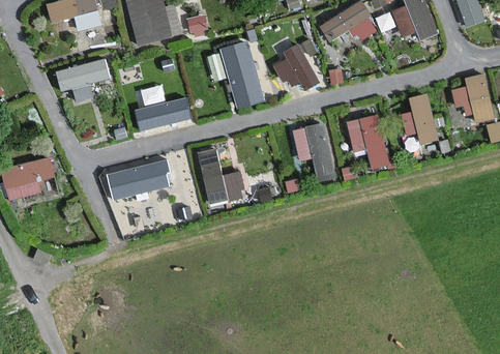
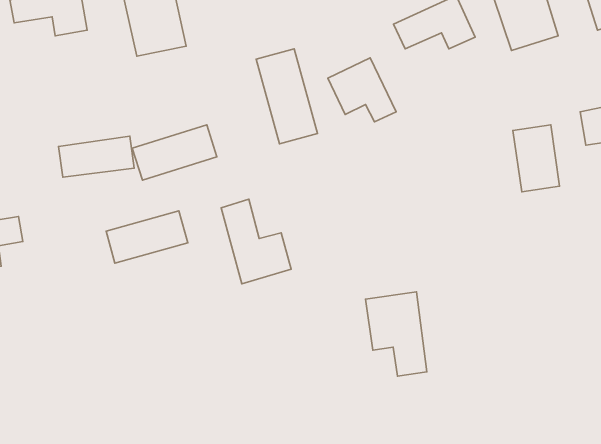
building: [57,61,111,90] -> [58,136,134,177]
building: [347,114,390,171] -> none
building: [294,122,337,182] -> [365,292,427,376]

